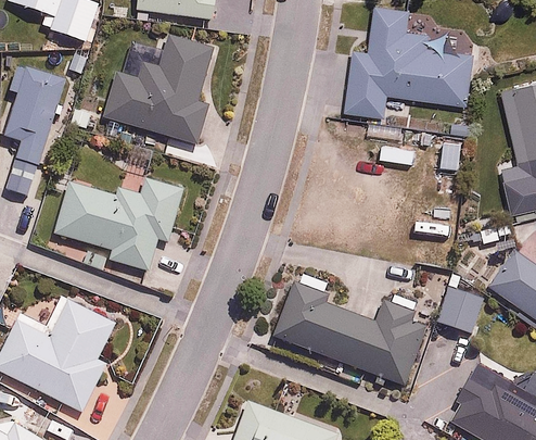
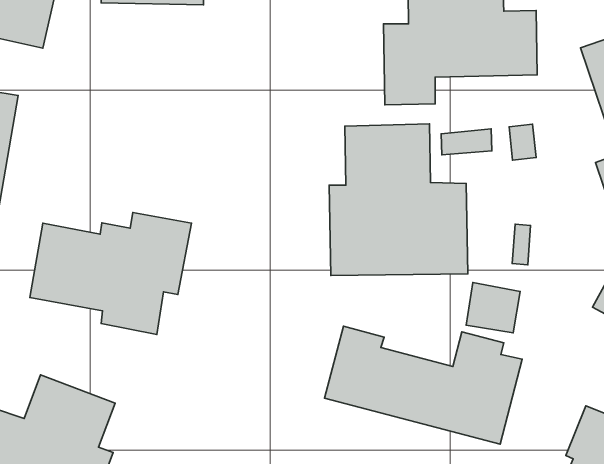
building: [101,37,209,148] -> none
building: none -> [329,124,468,276]
building: [437,290,482,332] -> [466,282,520,333]

